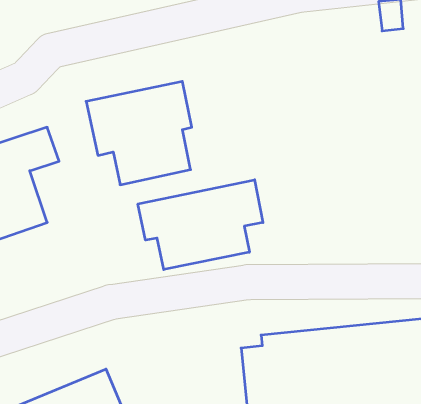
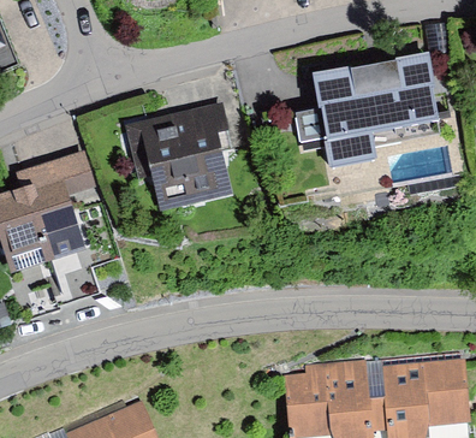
building: none -> [294,57,439,170]
building: [138,180,263,270] -> none

